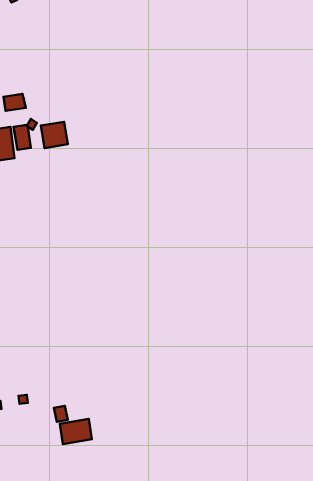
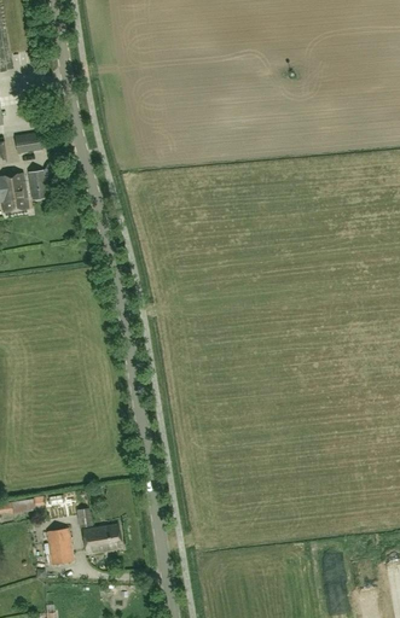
building: [41,122,68,148] -> none
building: none -> [46,527,73,565]

